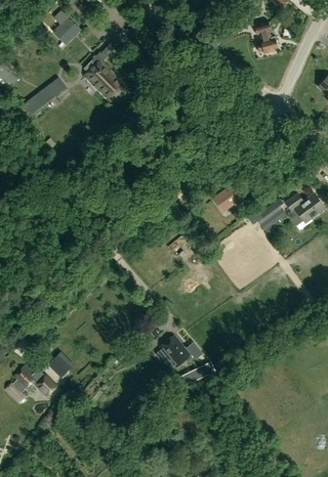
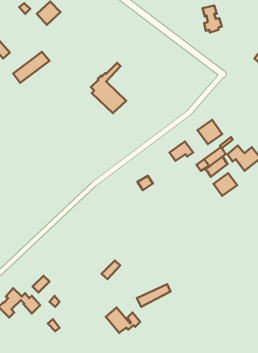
building: [83,39,126,100] -> [91,63,126,113]
building: none -> [198,120,222,144]
building: none -> [213,173,237,196]
building: [160,336,202,366] -> [106,308,140,333]

